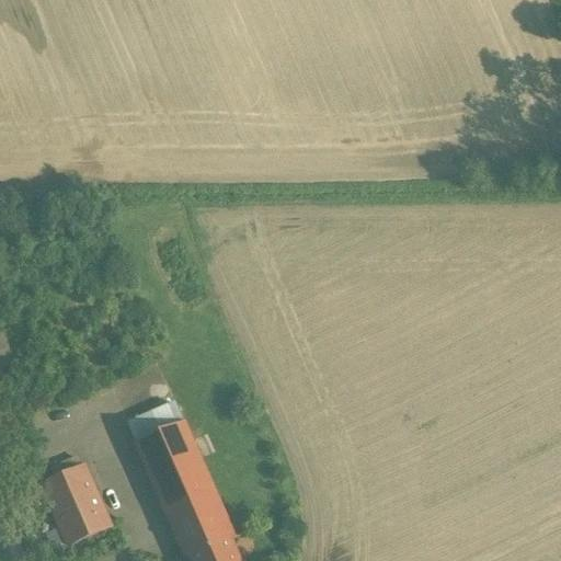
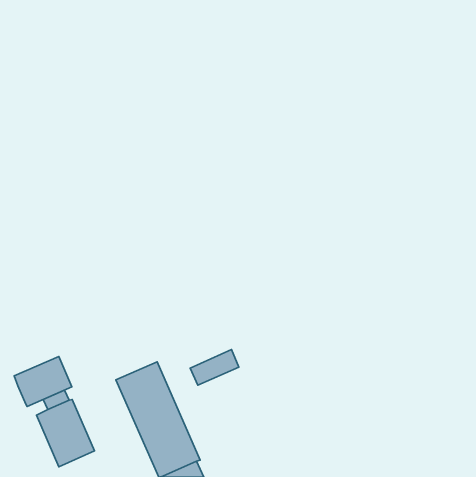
building: [129,403,186,445] -> [190,349,239,385]
building: none -> [14,356,72,406]

